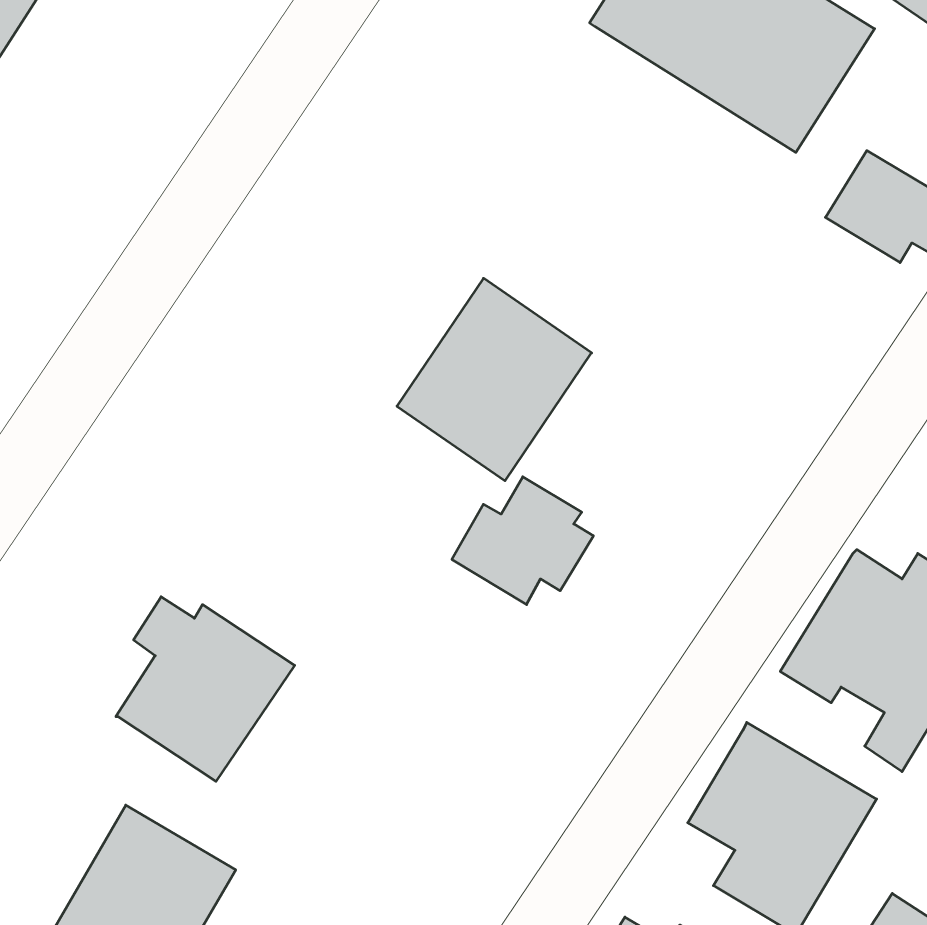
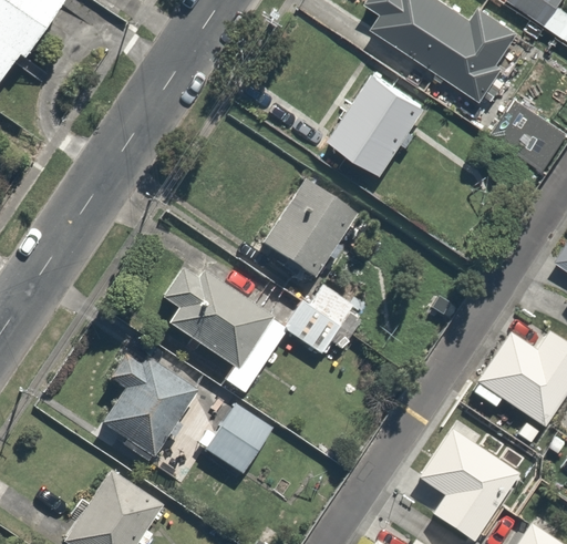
building: none -> [324,68,430,174]
building: none -> [155,260,269,369]
building: none -> [203,400,279,476]

